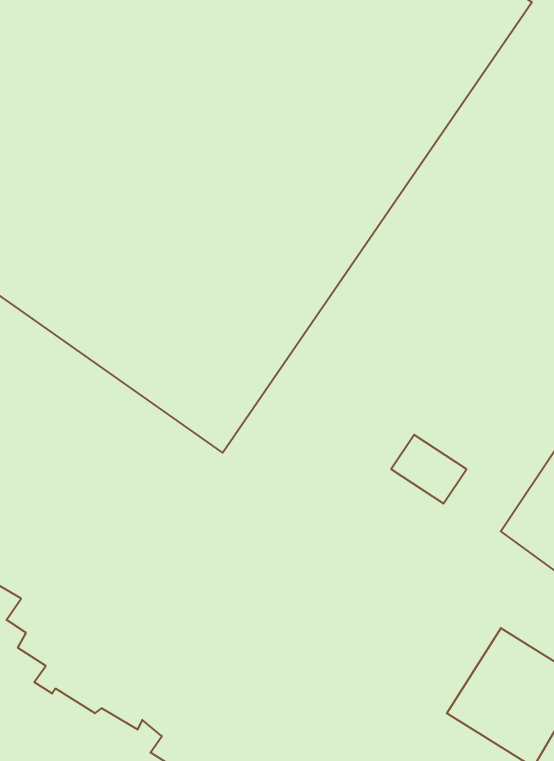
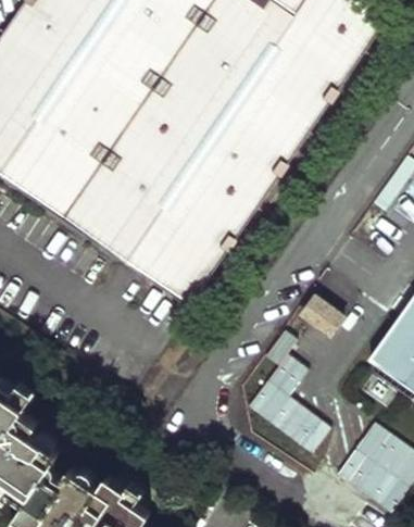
building: none -> [242,350,333,454]

